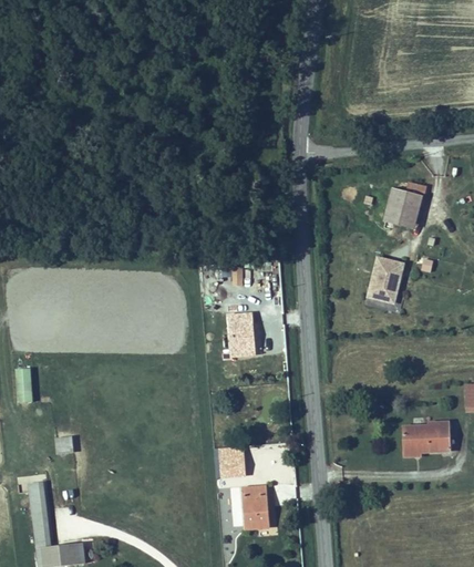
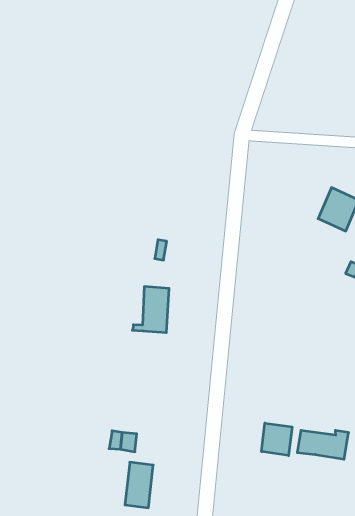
building: [370,258,401,300] -> none
building: none -> [262,423,292,456]

